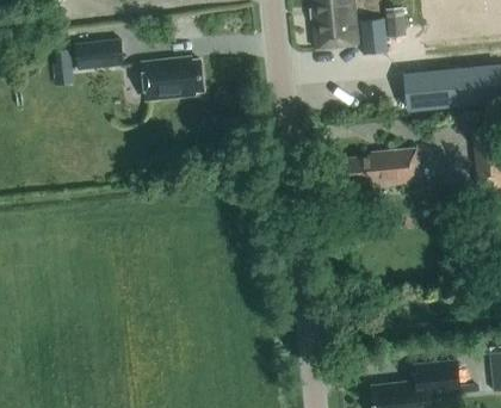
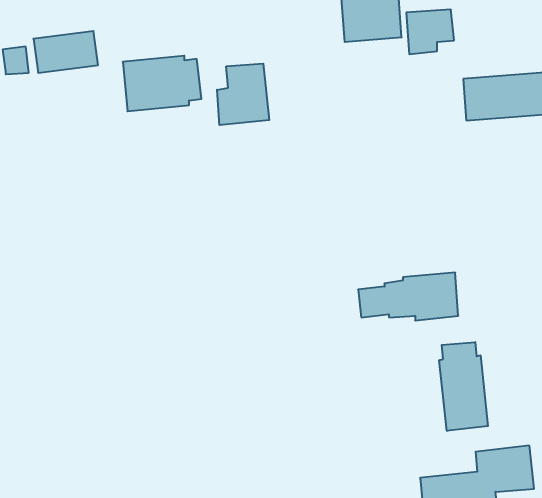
building: none -> [217,64,269,125]
building: [341,148,419,185] -> [358,273,458,320]
building: none -> [439,342,488,431]

